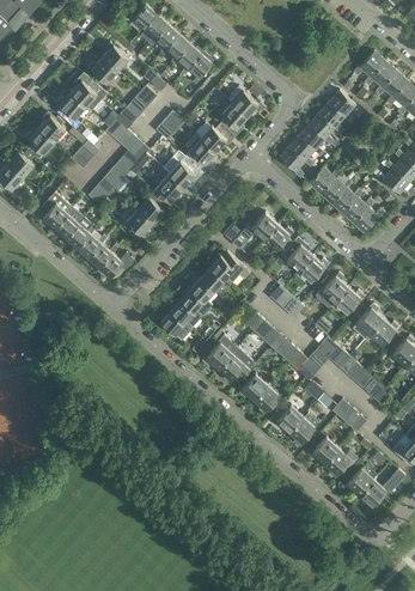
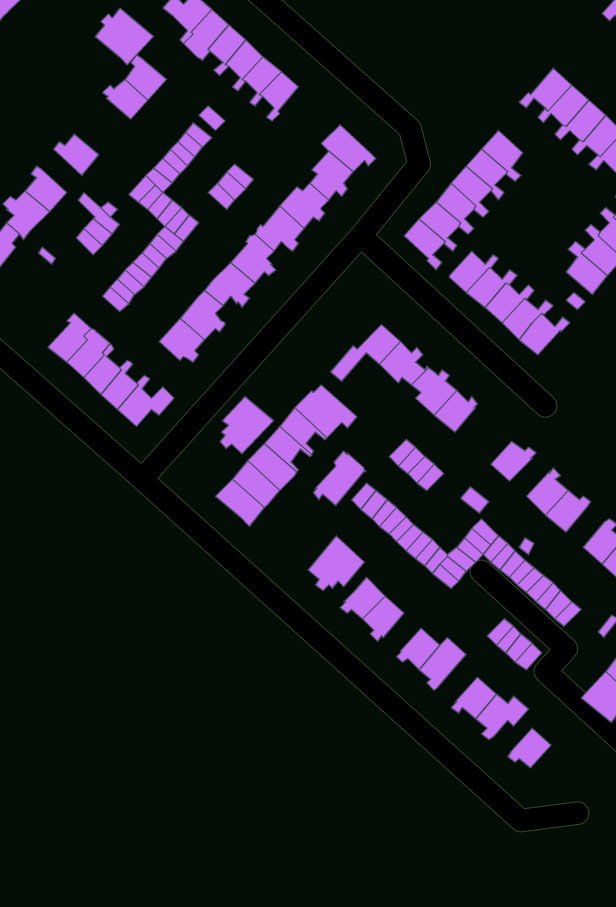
building: [69,74,106,110] -> [95,8,154,65]
building: [42,191,69,227] -> none
building: none -> [220,396,274,454]
building: [313,273,347,307] -> none
building: [203,334,237,368] -> [313,451,366,506]
building: [359,469,404,508] -> none

